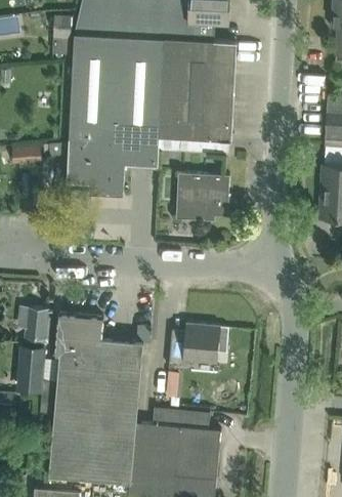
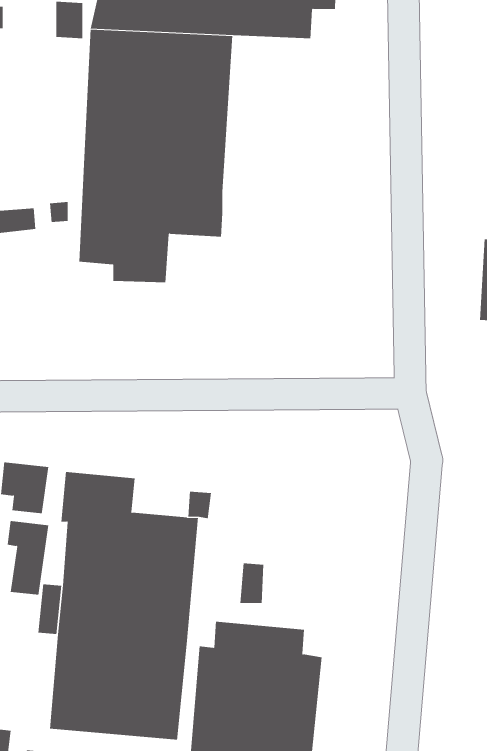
building: [158,39,236,155] -> none
building: [175,174,228,222] -> none
building: [168,325,219,370] -> none

